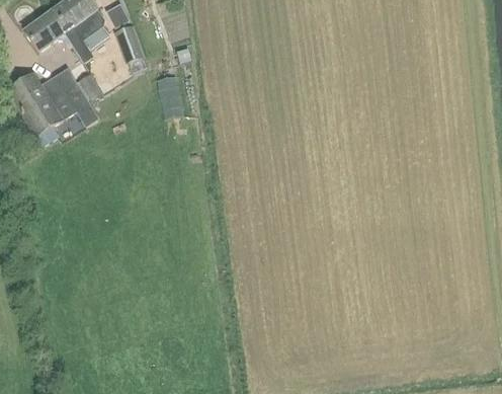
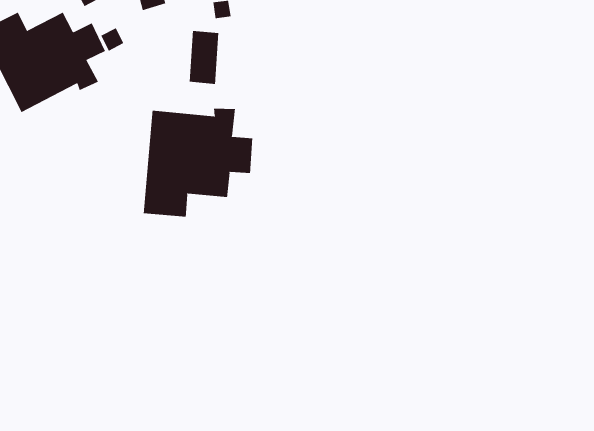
building: none -> [143,108,253,218]

